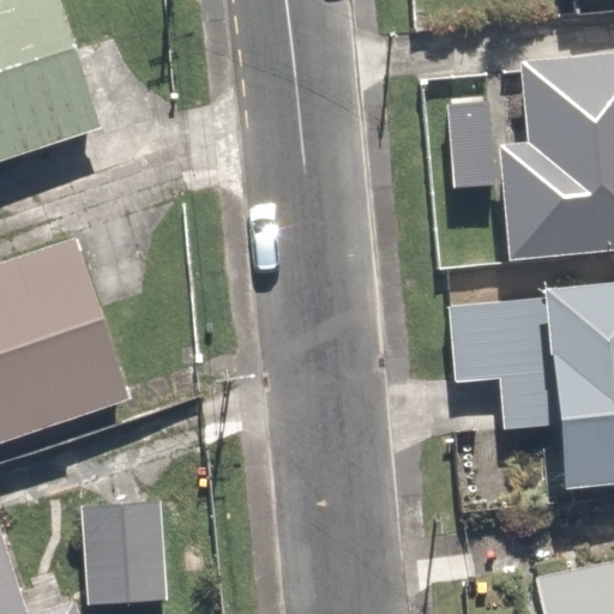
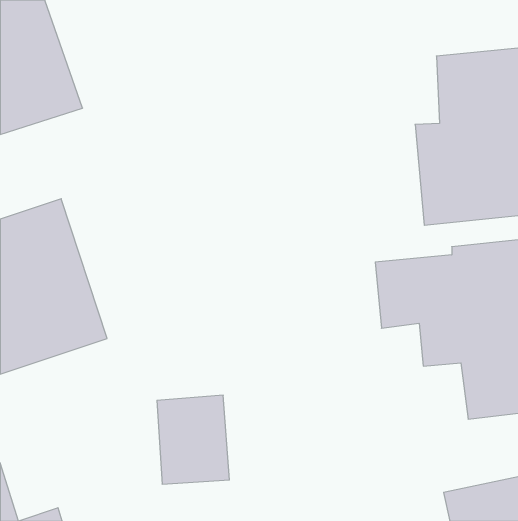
building: [83,500,168,604] -> [157,395,229,484]

